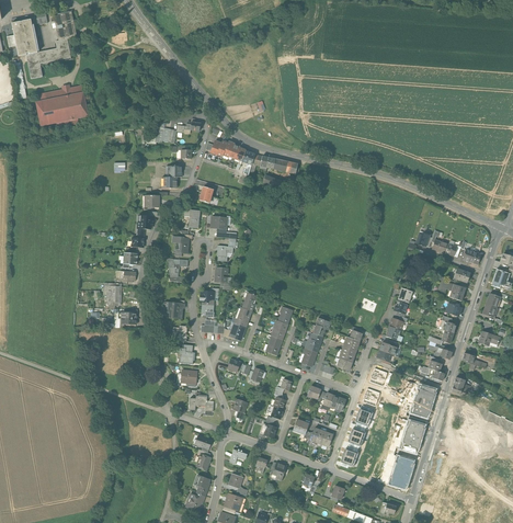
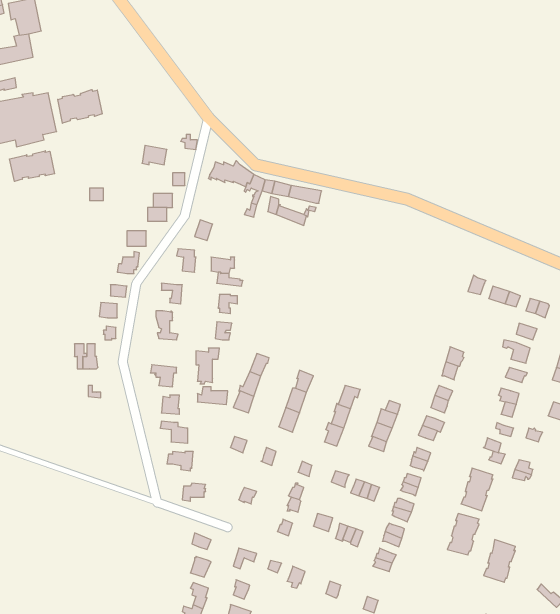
building: none -> [58,90,102,123]
building: none -> [10,151,55,181]
building: [388,455,413,489] -> [484,540,515,582]

